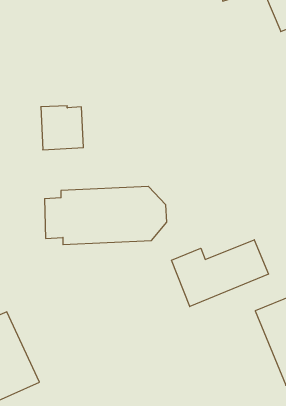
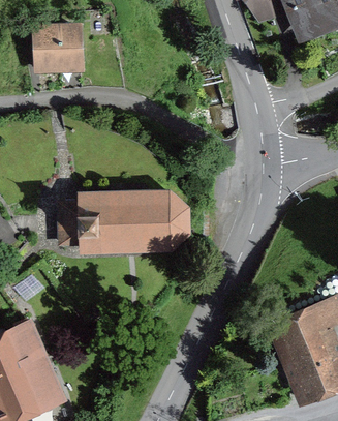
building: [41,106,83,150] -> [36,27,80,71]
building: [172,240,269,307] -> none

